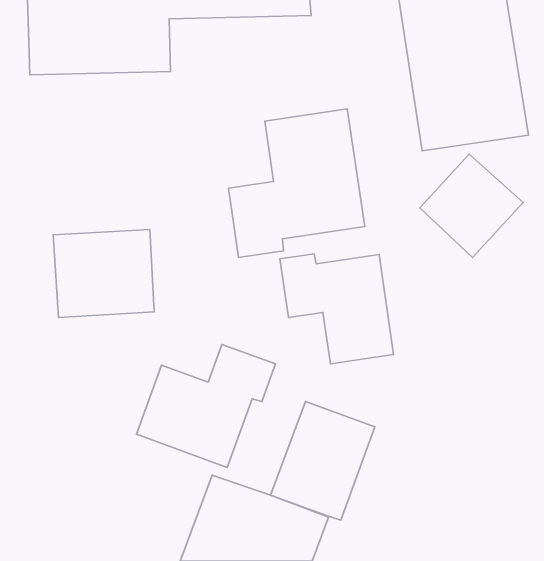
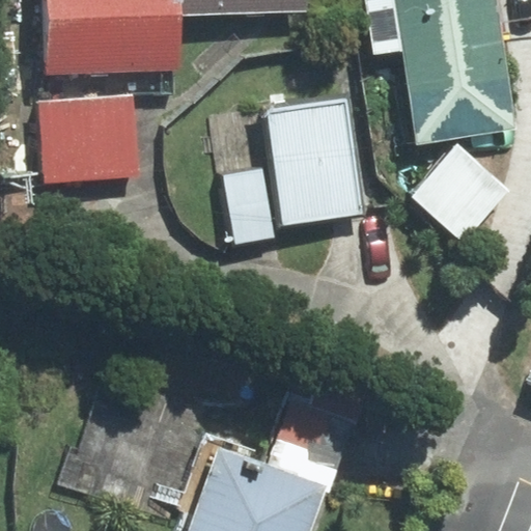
building: [53,229,154,317] -> [44,99,139,181]
building: [280,254,393,364] -> none
building: [137,345,275,468] -> none

